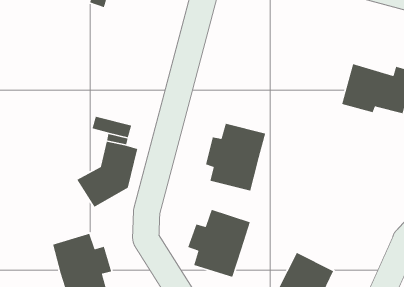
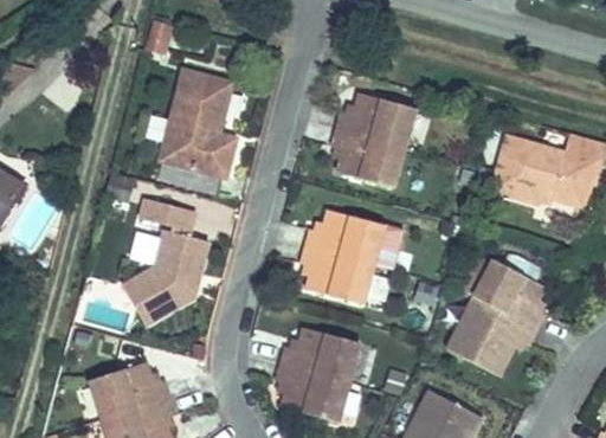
building: none -> [152,75,230,179]
building: none -> [330,92,417,185]
building: none -> [446,258,544,371]

